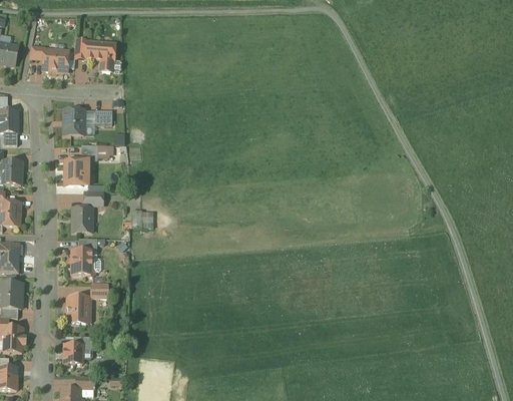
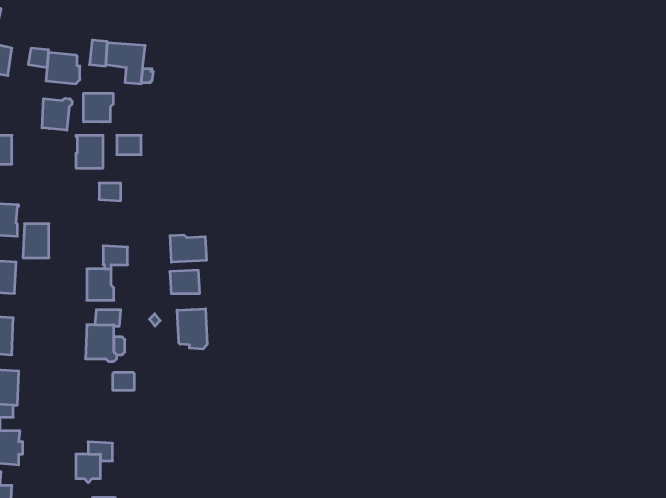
building: none -> [84,93,113,122]
building: none -> [42,98,72,130]
building: [64,159,83,184] -> [23,224,49,258]
building: none -> [170,235,206,262]
building: none -> [177,309,207,349]
building: [65,295,89,324] -> none

